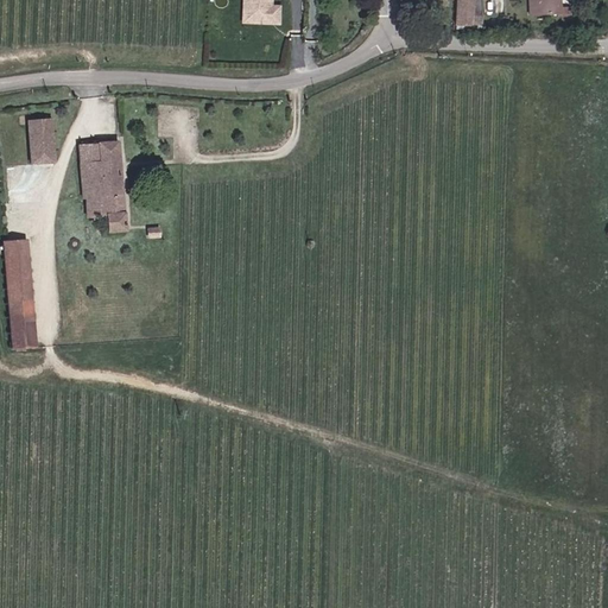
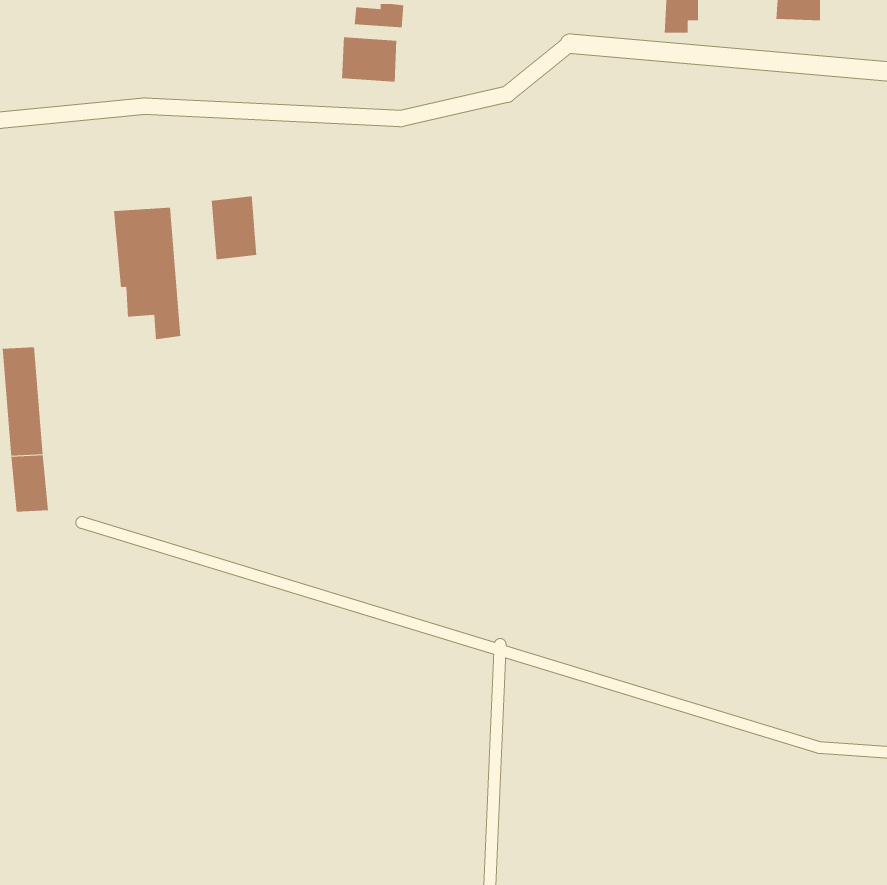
building: none -> [342,36,397,83]
building: [28,119,57,163] -> none
building: none -> [211,195,257,260]

